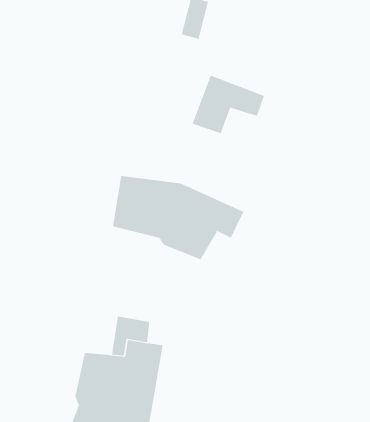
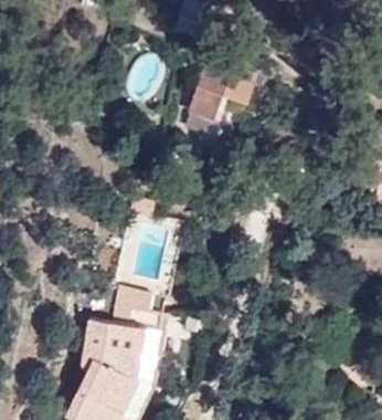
building: [113,175,244,260] -> none

